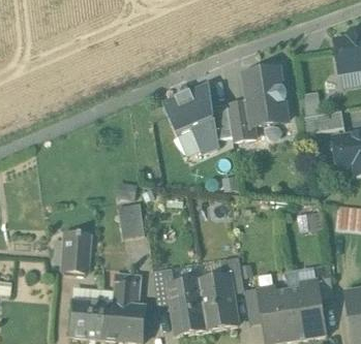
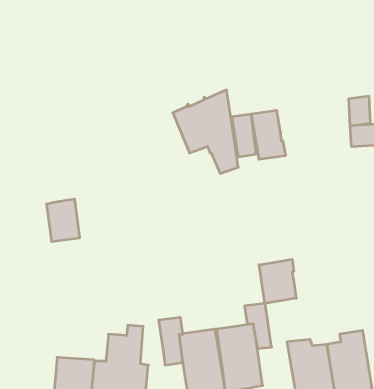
building: [245,69,287,126] -> none
building: [117,202,144,237] -> [46,199,80,242]
building: none -> [259,259,296,303]
building: [59,243,87,273] -> none

